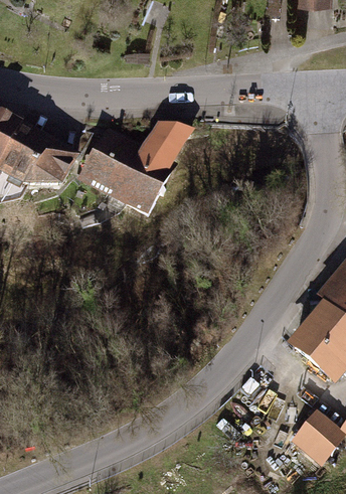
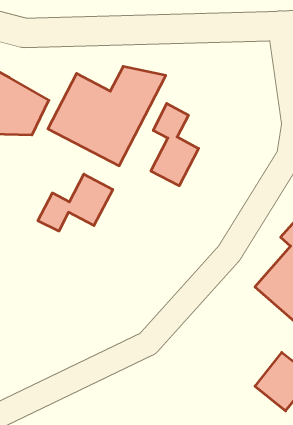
building: none -> [151,103,199,186]
building: none -> [38,174,113,231]

